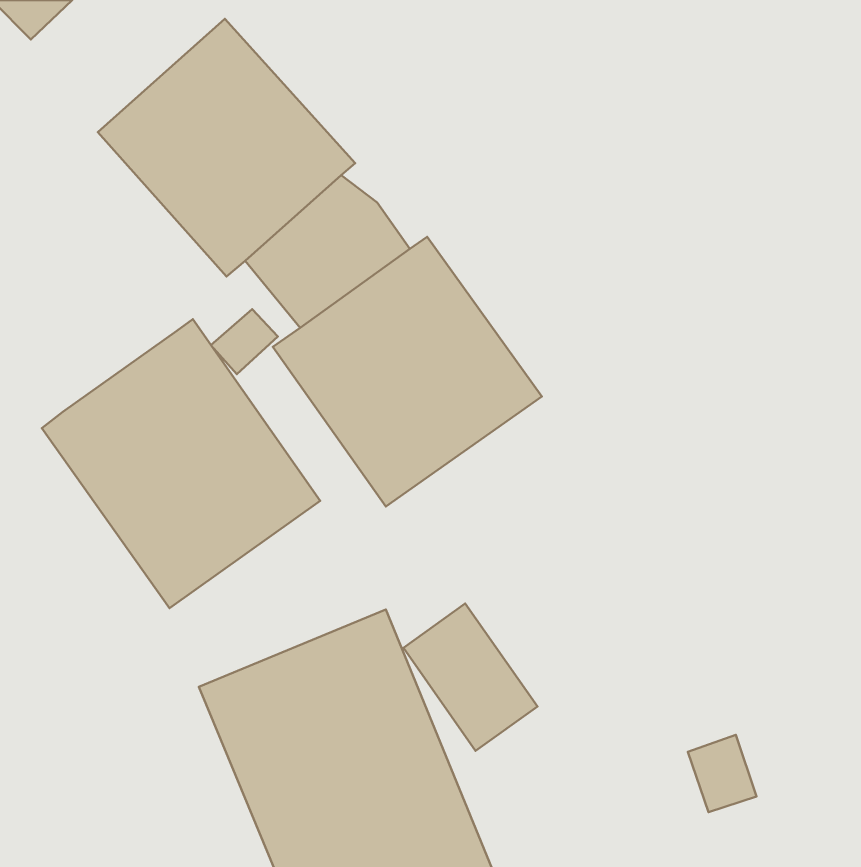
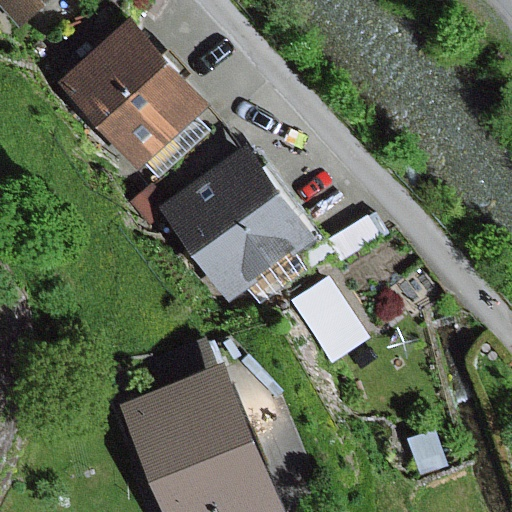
building: [42,319,320,608] -> none
building: [404,603,537,751] -> [288,279,366,365]

